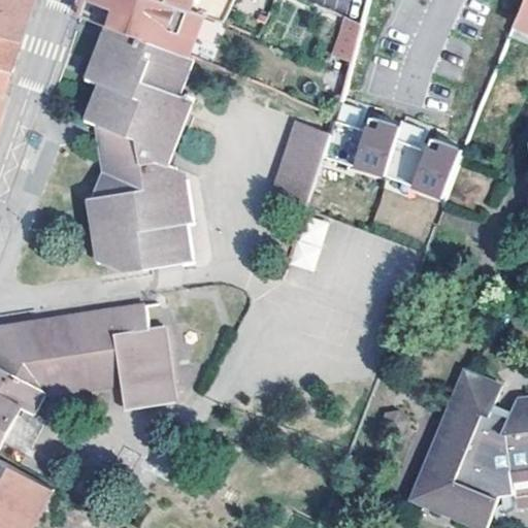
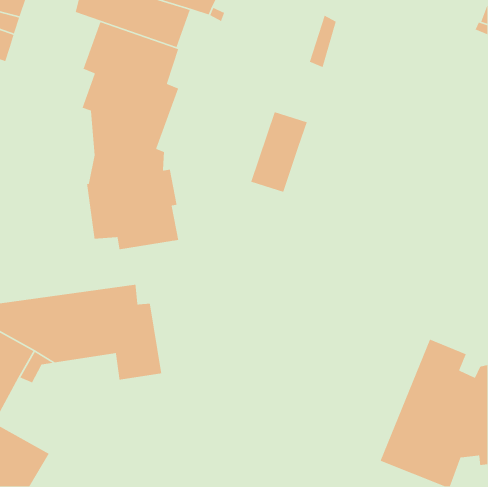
building: [322,102,462,206] -> none

